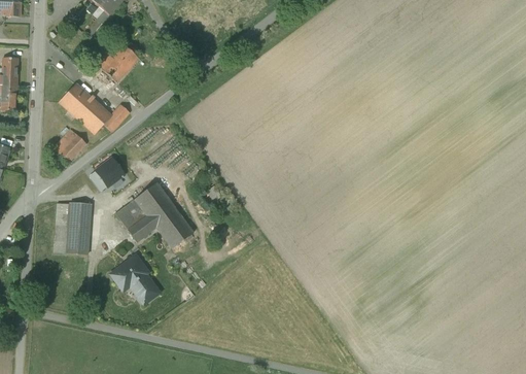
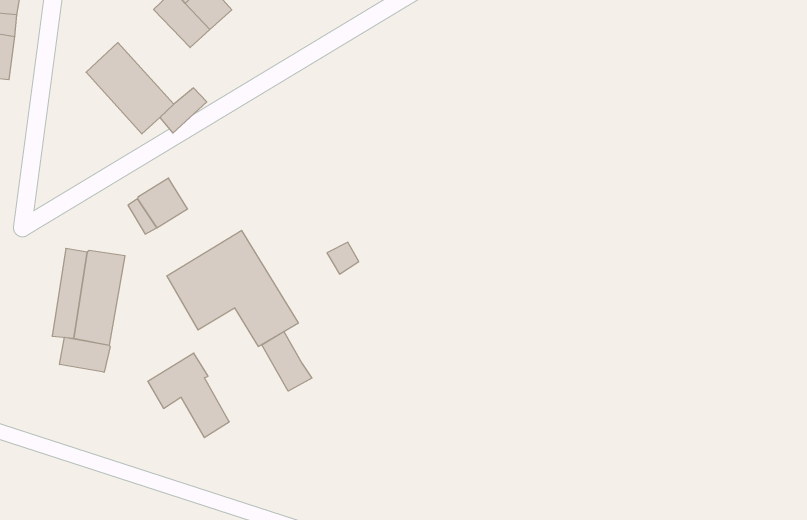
building: [54,128,86,161] -> none
building: none -> [262,332,312,391]
building: none -> [60,337,110,372]

